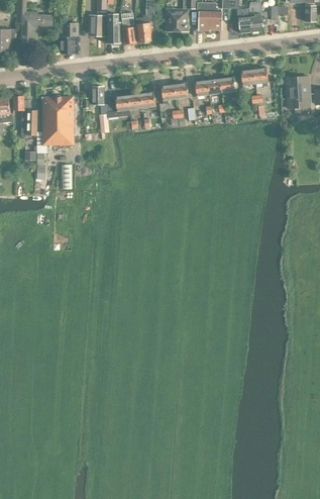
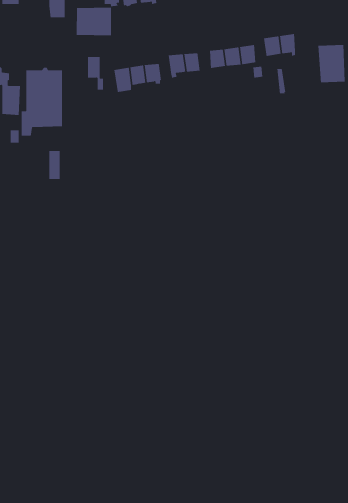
building: none -> [76,7,112,36]

